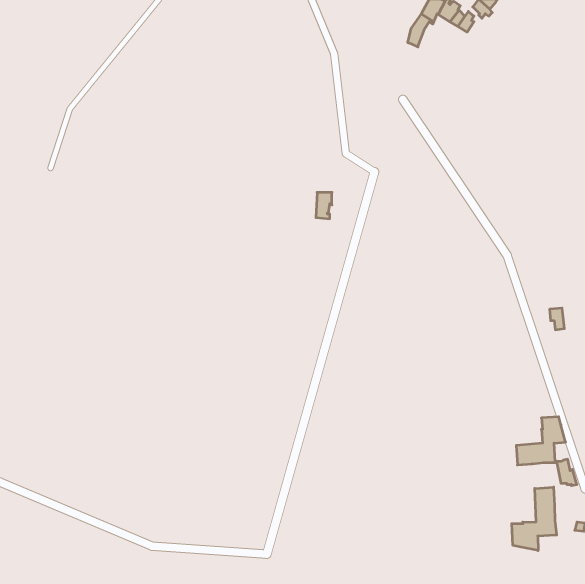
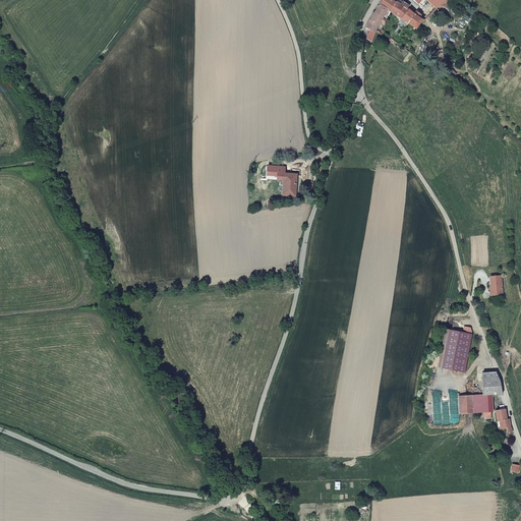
building: none -> [442,326,472,371]
building: [512,487,557,551] -> none

